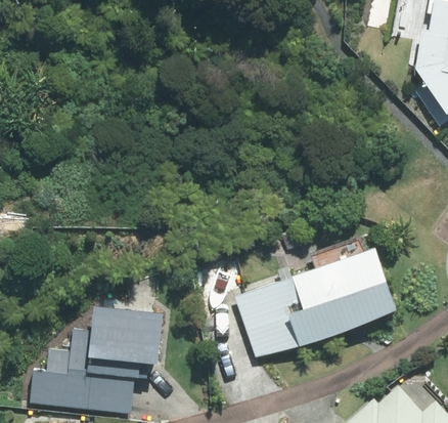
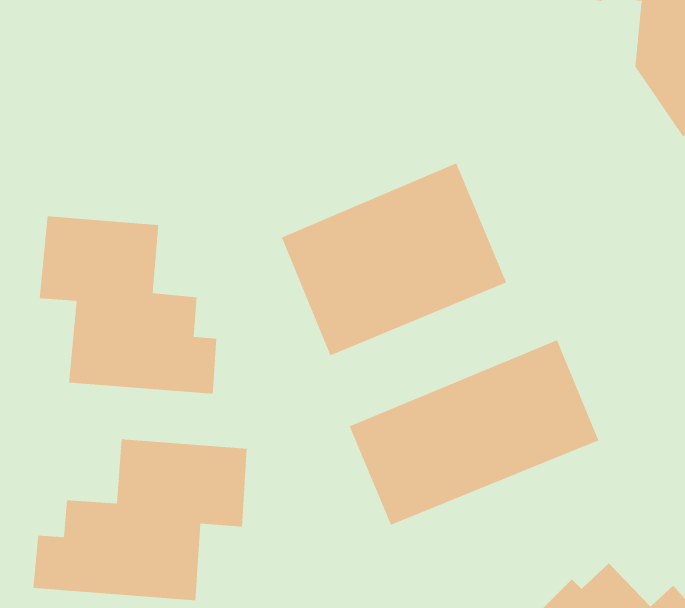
building: none -> [281,163,507,356]
building: none -> [39,215,217,395]

